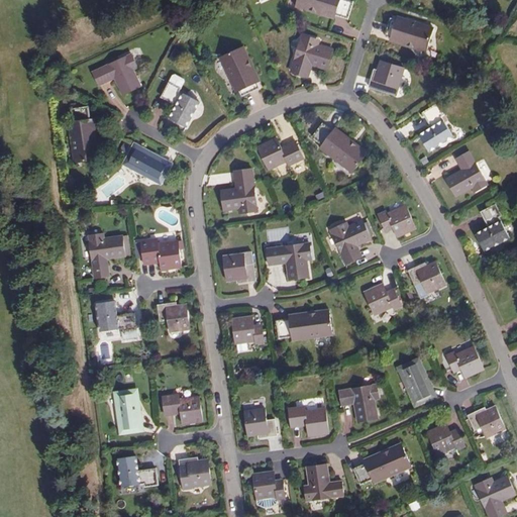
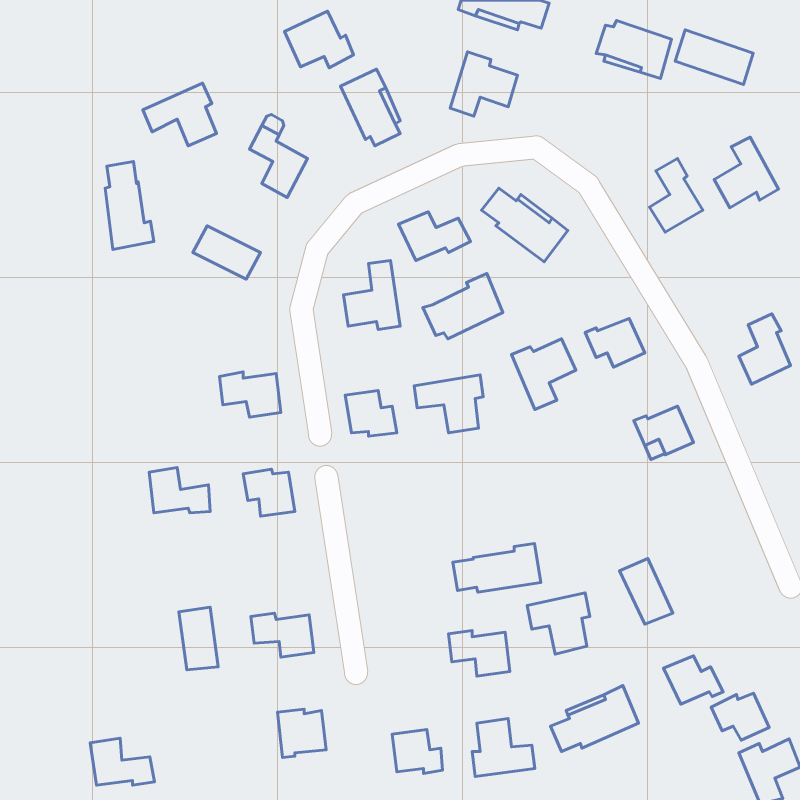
building: none -> [285,11,354,68]
building: none -> [675,30,753,84]
building: [364,59,399,93] -> none
building: [445,151,487,197] -> [714,137,778,208]
building: none -> [423,274,503,339]
building: [88,233,124,278] -> none
building: [363,285,402,316] -> none
building: [276,310,332,341] -> [453,543,541,592]
building: [231,317,264,343] -> none
building: [446,346,485,377] -> none
building: [468,406,505,436] -> [711,693,769,740]
building: [243,409,277,438] -> none
building: [116,456,158,487] -> [90,738,155,785]

